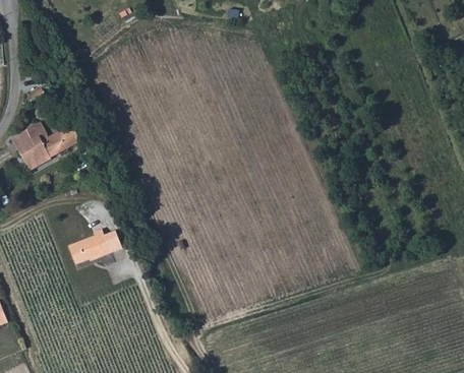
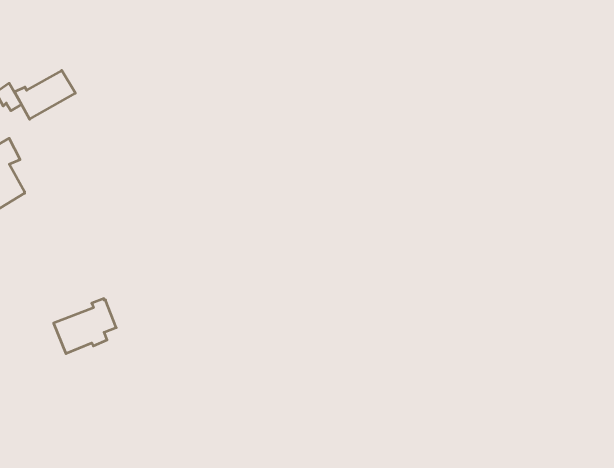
building: [39,125,79,158] -> [14,70,75,119]

